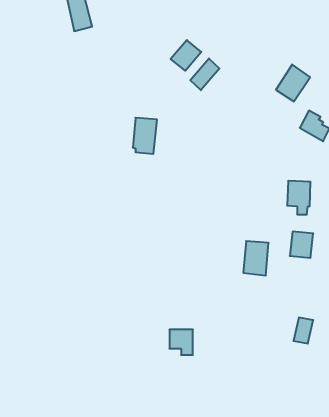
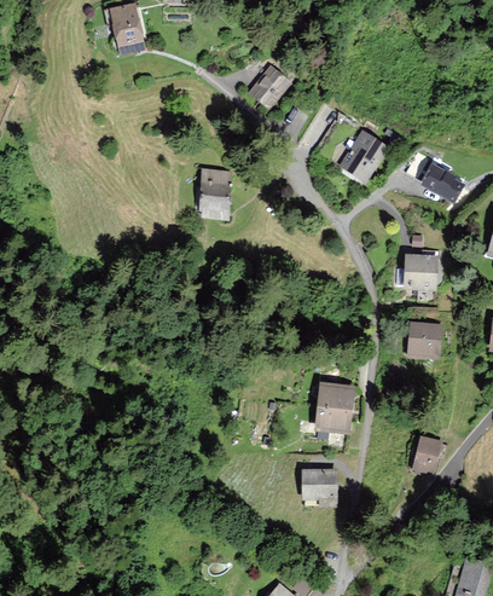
building: [190,58,219,90] -> none
building: [276,64,310,101] -> [341,131,387,180]
building: [243,241,269,275] -> [318,384,352,430]
building: [169,330,193,355] -> [303,470,335,504]

